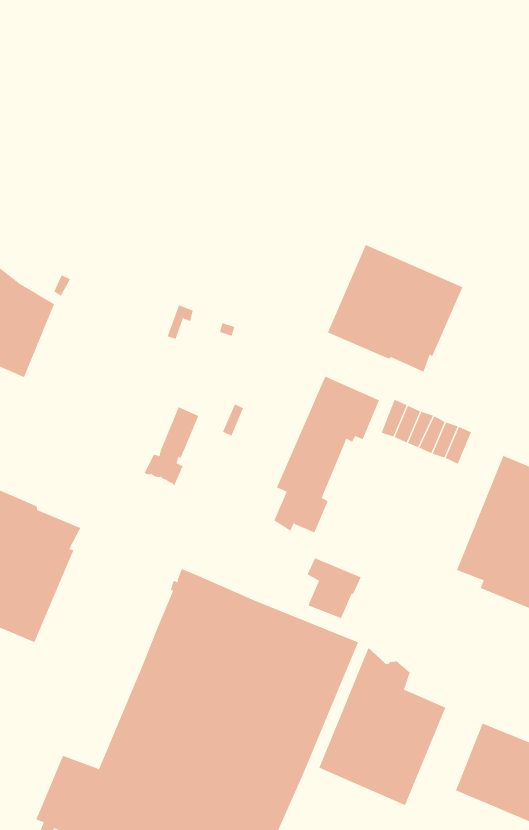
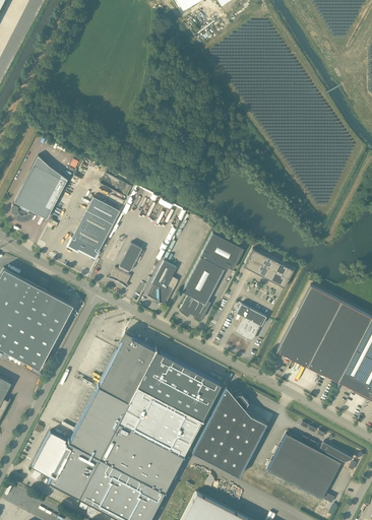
building: [327,244,463,373] -> none
building: none -> [67,198,119,259]
building: none -> [146,262,178,307]
building: [307,558,362,619] -> [235,305,266,340]

